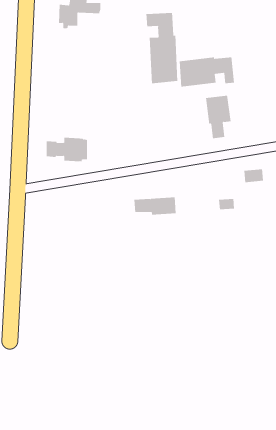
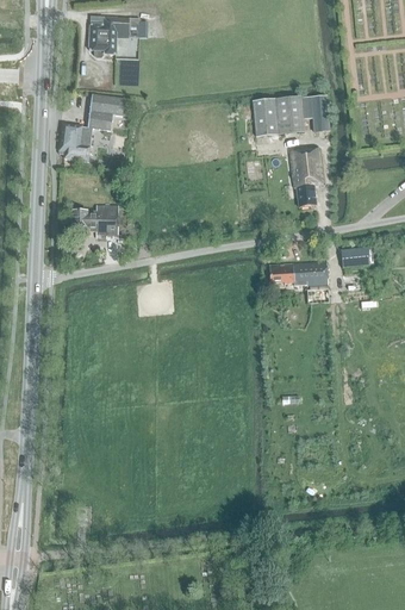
building: [146,12,178,84] -> none
building: none -> [58,93,124,158]
building: [134,197,176,215] -> [269,260,328,285]

